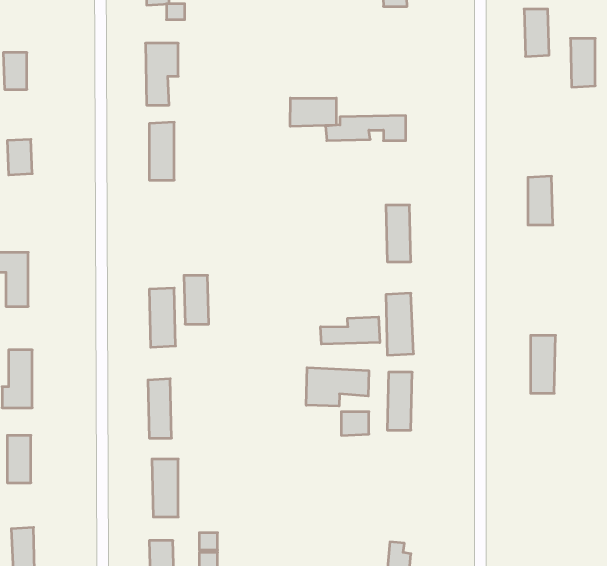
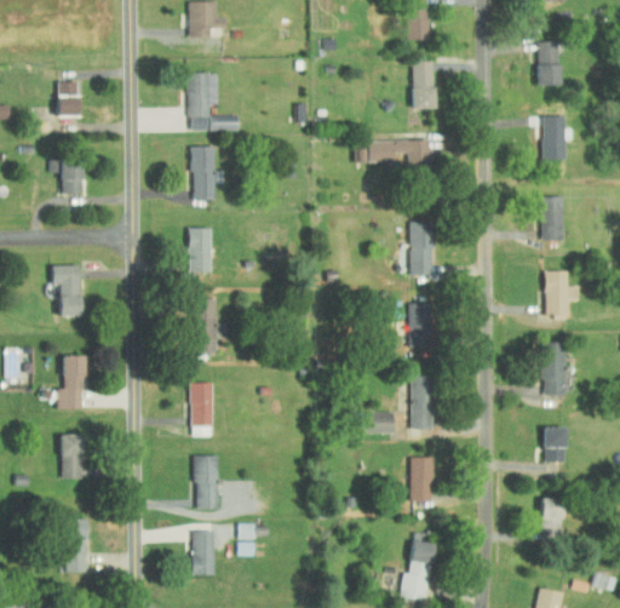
building: none -> [412,61,434,108]
building: [570,38,595,87] -> [541,115,564,160]
building: [290,98,336,126] -> none
building: none -> [544,270,579,314]
building: [184,275,209,324] -> [188,228,211,273]
building: [321,317,380,344] -> none
building: [306,368,369,406] -> none
building: none -> [544,428,567,463]
building: none -> [409,457,432,500]
building: none -> [541,498,563,538]

